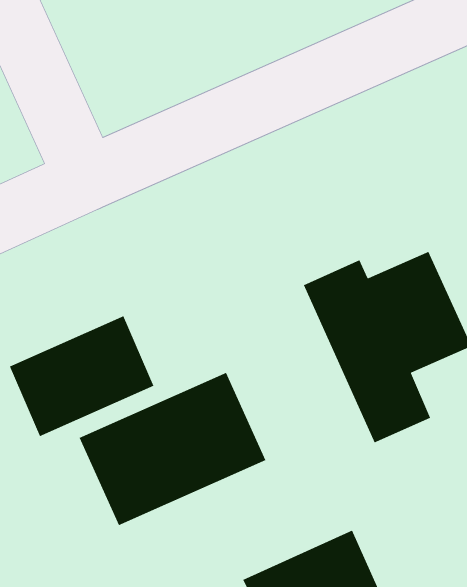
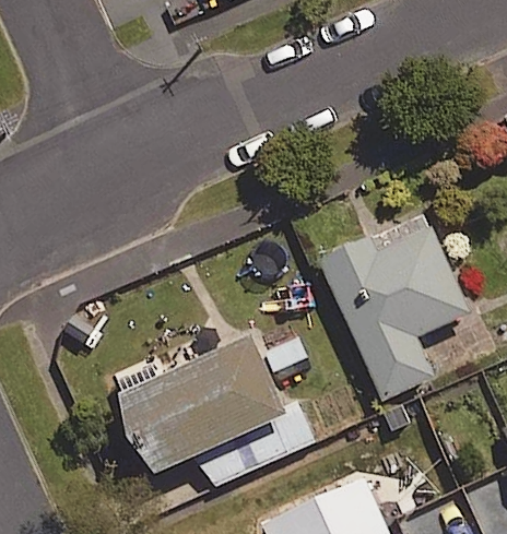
building: [9,315,154,437] -> none

